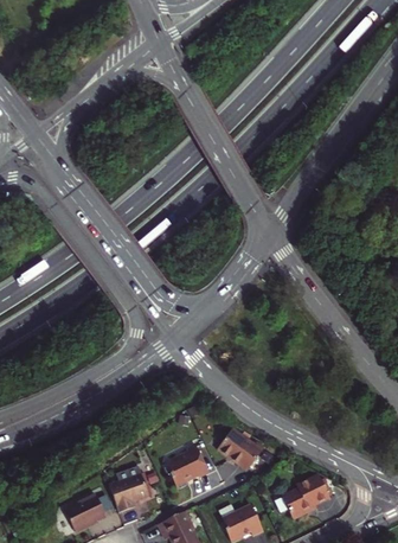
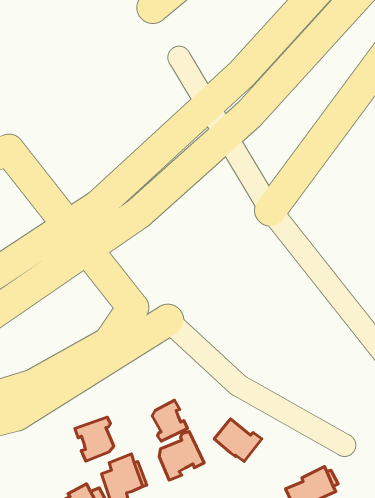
building: none -> [152,400,188,441]
building: none -> [75,417,114,461]

